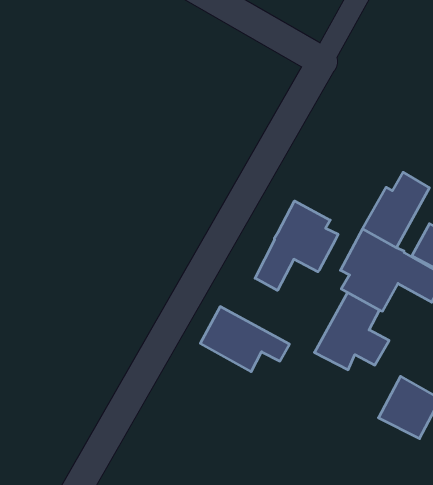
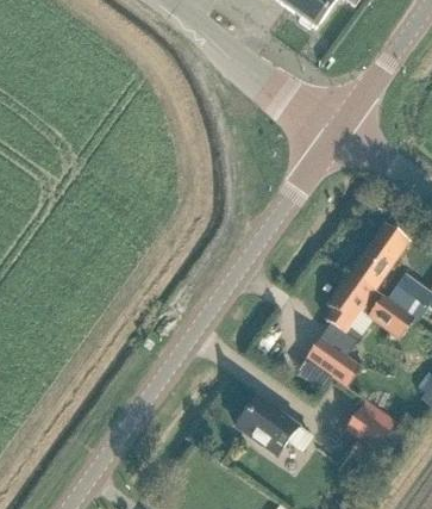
building: [255,201,338,290] -> none
building: [200,307,289,372] -> [237,397,311,454]

